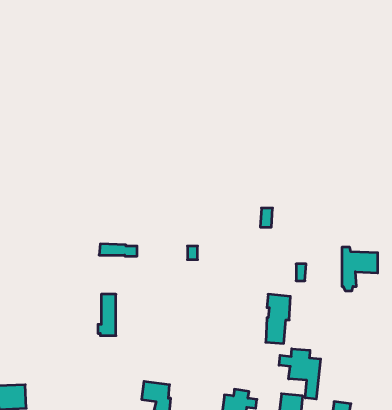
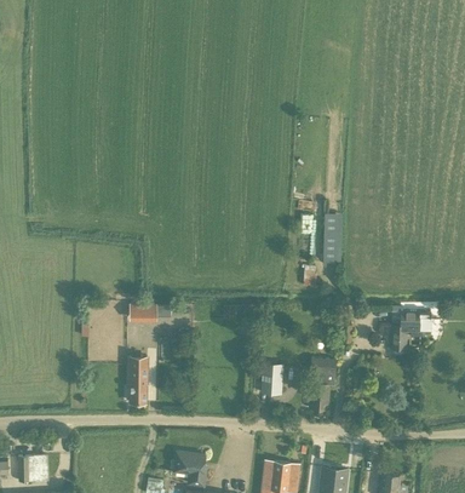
building: none -> [325,227,341,262]
building: none -> [262,362,283,394]
building: [279,349,321,399] -> none

